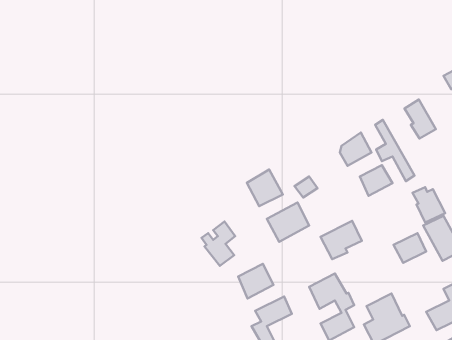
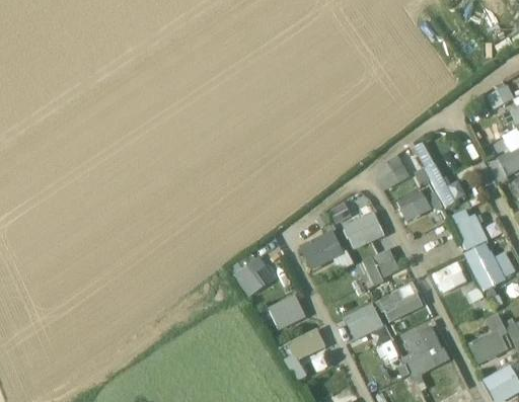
building: [405,100,436,138] -> none
building: [247,169,283,206] -> none
building: none -> [344,212,384,249]
building: none -> [375,282,423,322]

